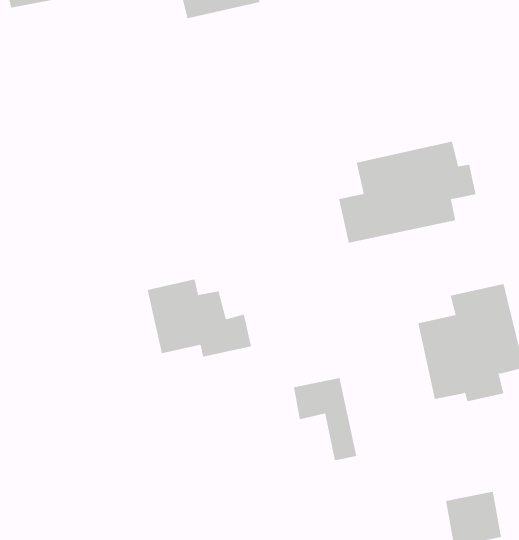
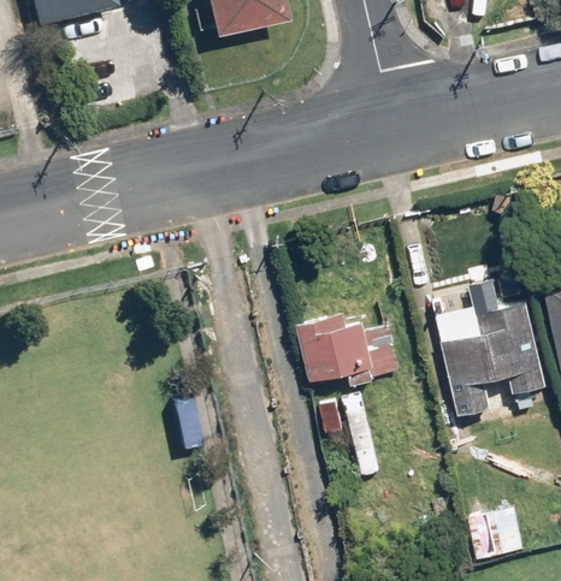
building: [338,141,476,243] -> none
building: [147,279,252,357] -> [294,306,398,384]

